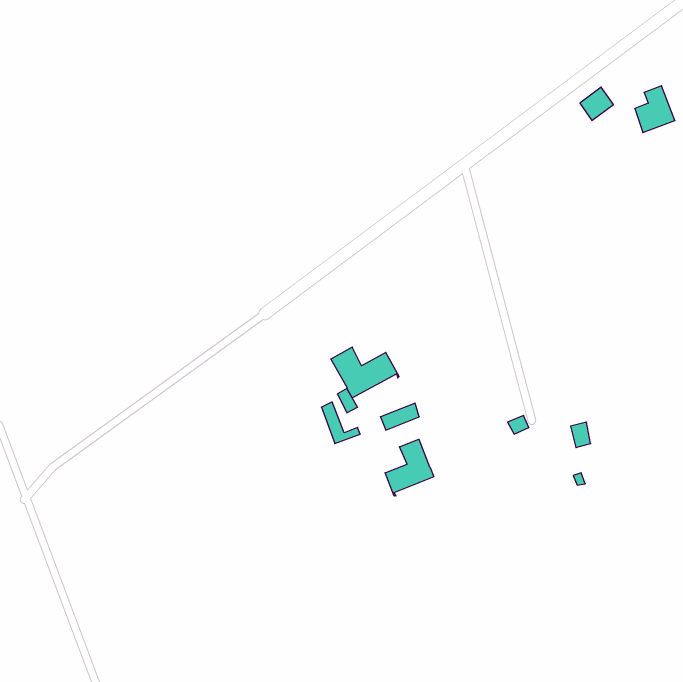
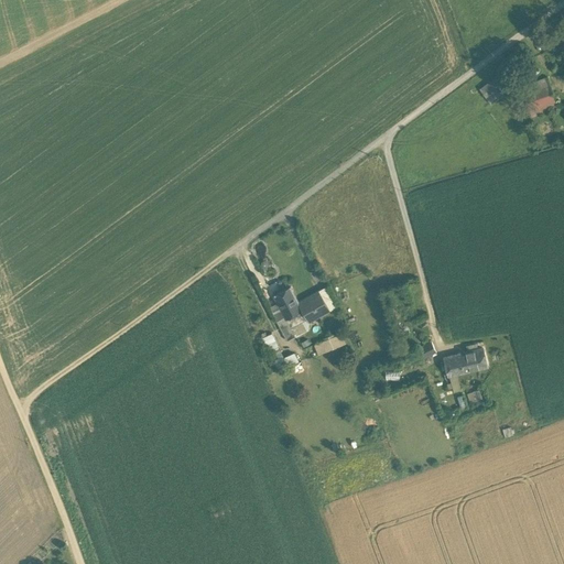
building: none -> [443,352,474,376]
building: [385,439,434,496] -> none

